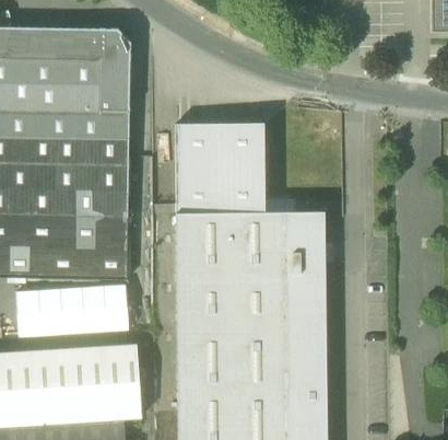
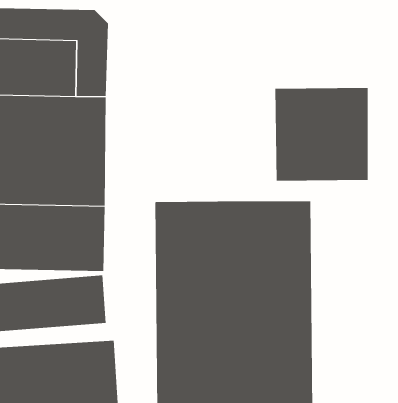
building: [174,123,263,212] -> [275,87,368,181]

